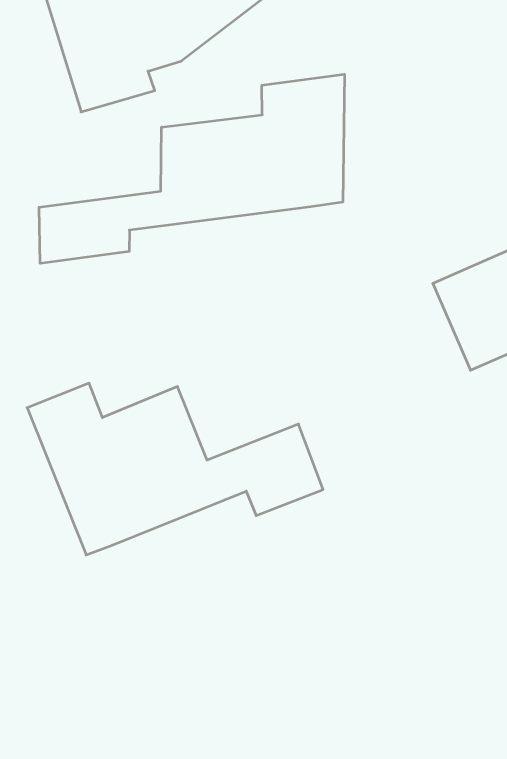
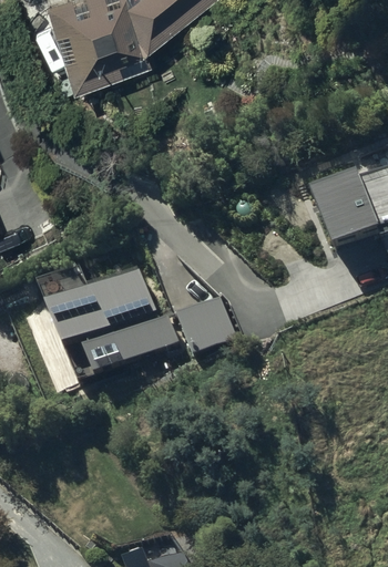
building: [39,74,344,263] -> none

